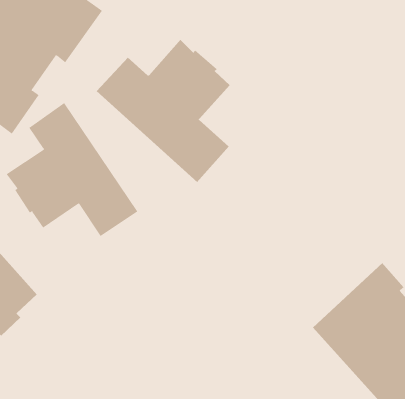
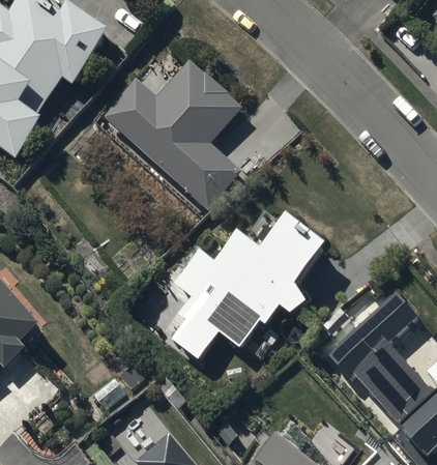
building: [6,102,138,237] -> none
building: none -> [169,212,326,359]

